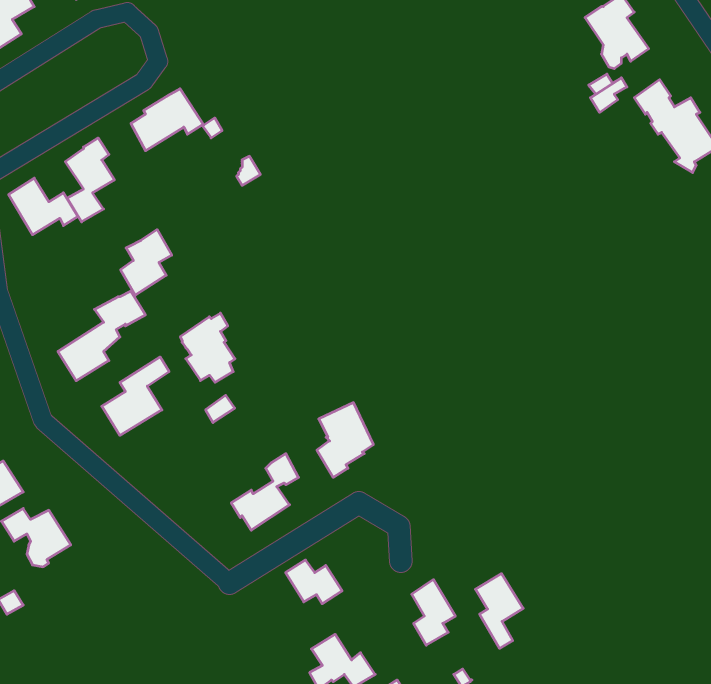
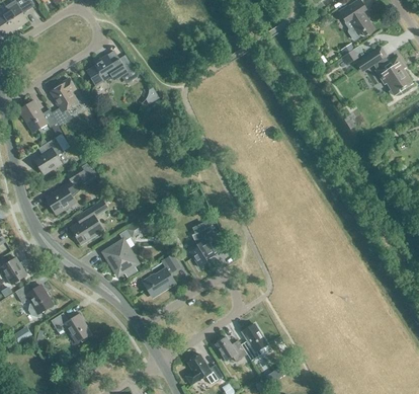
building: [121,230,172,295] -> [35,137,64,173]
building: [180,313,235,382] -> [107,237,138,275]
building: none -> [51,312,90,342]
building: [286,560,342,604] -> [216,336,247,361]
building: [475,574,523,648] -> none

